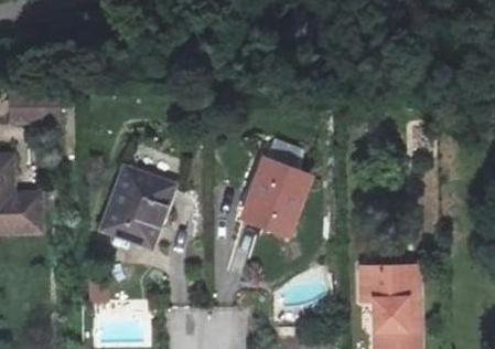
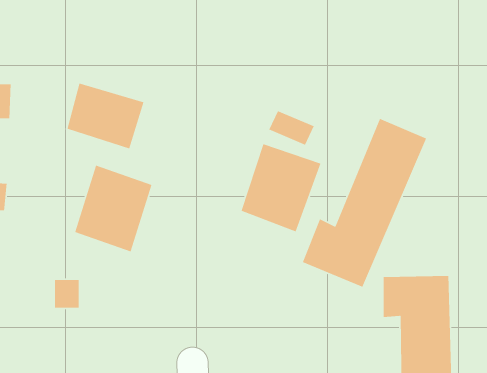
building: none -> [66,83,145,149]
building: none -> [302,118,427,288]

